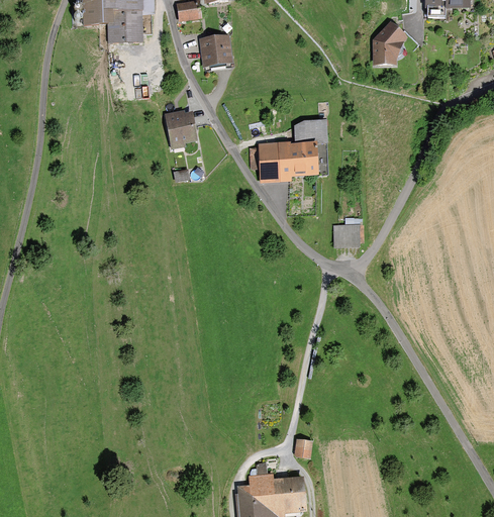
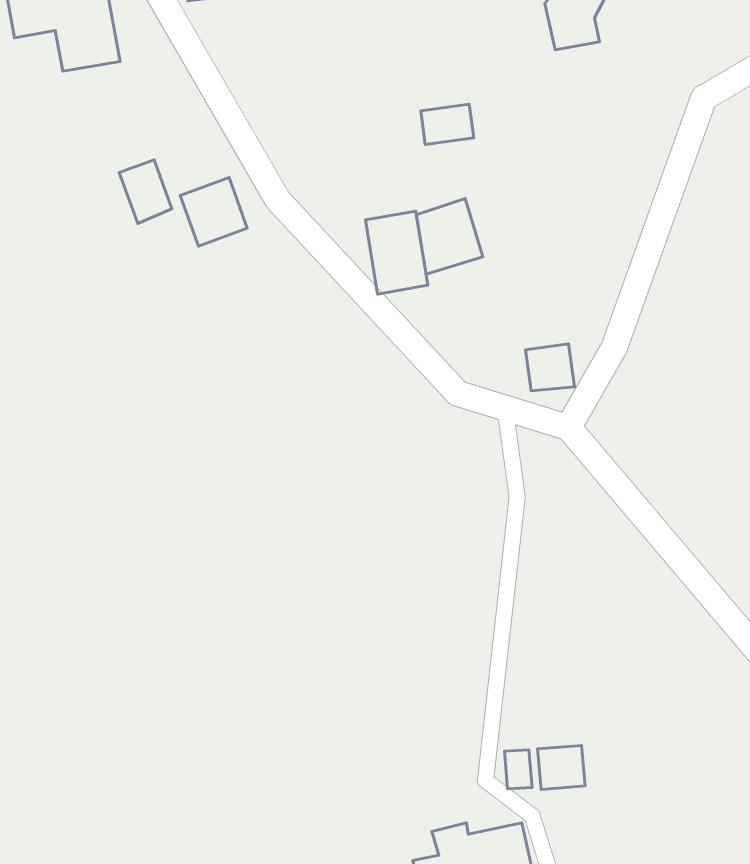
building: [201,35,228,68] -> none
building: none -> [119,160,172,224]
building: [298,121,324,139] -> [421,104,474,144]
building: none -> [538,745,585,789]

